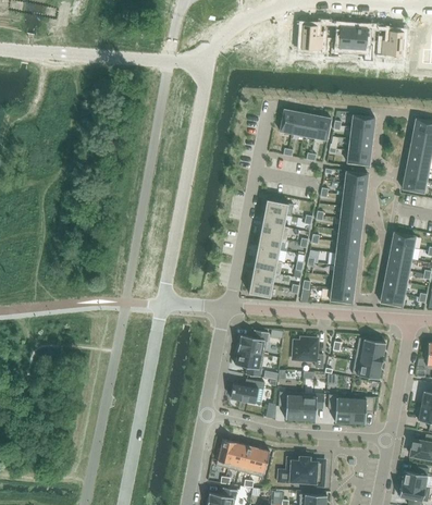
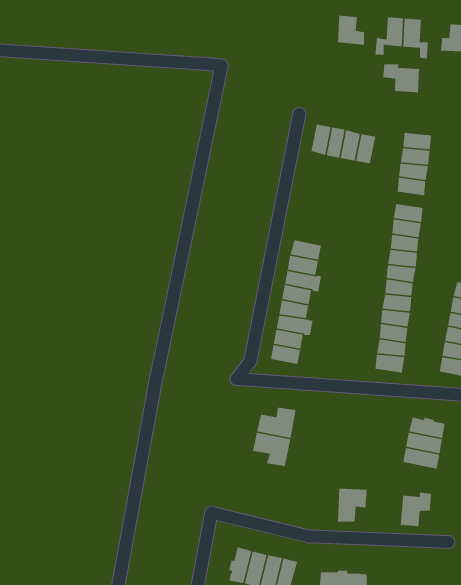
building: none -> [382,63,420,93]
building: [293,337,323,368] -> none
building: [231,379,264,404] -> none
building: [279,391,301,420] -> none
building: [328,394,351,422] -> none

